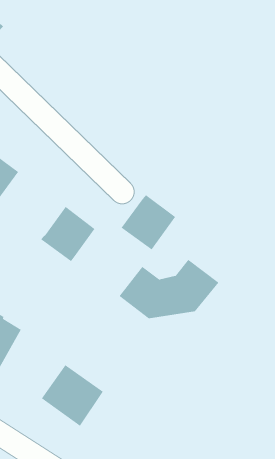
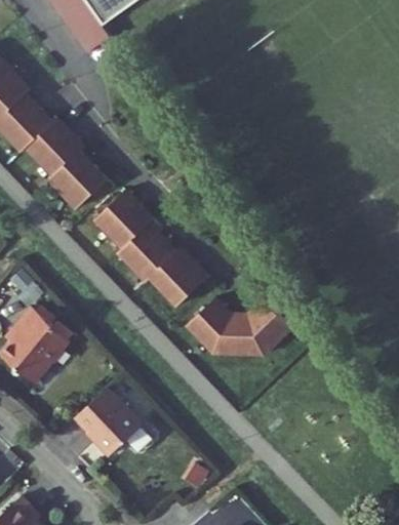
building: none -> [89,189,148,247]
building: [121,194,176,250] -> [144,246,202,305]

